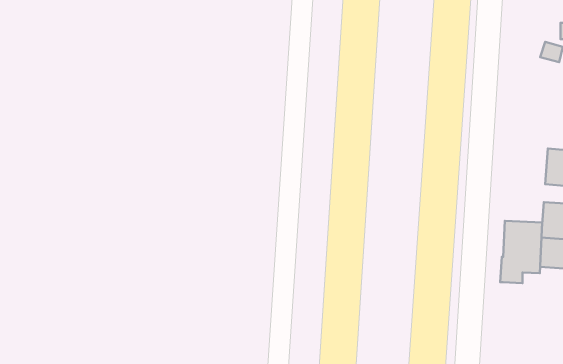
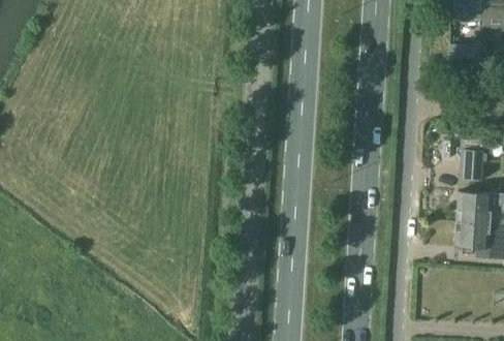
building: [500,221,542,283] -> none

